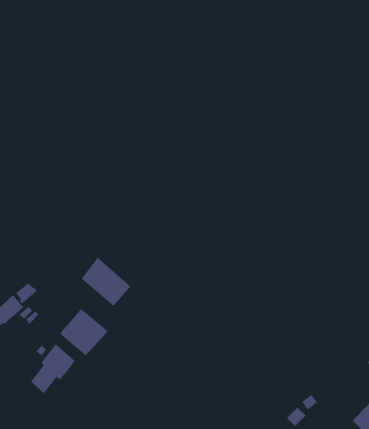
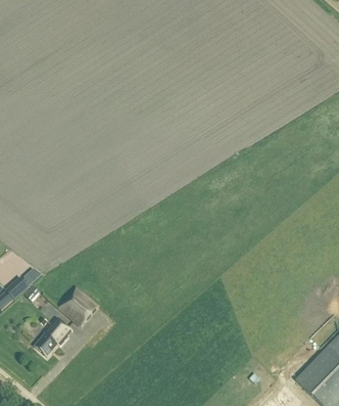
building: [81,257,131,307] -> none

